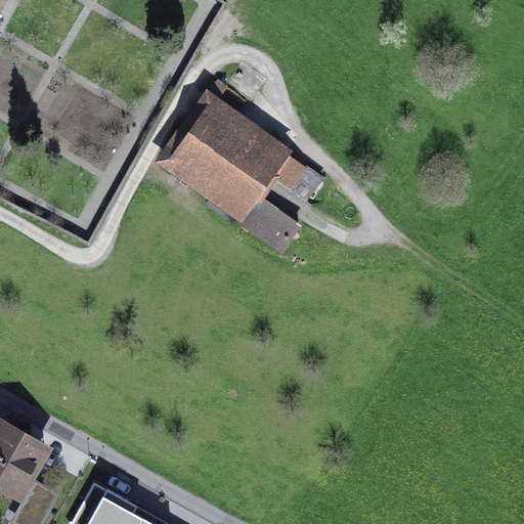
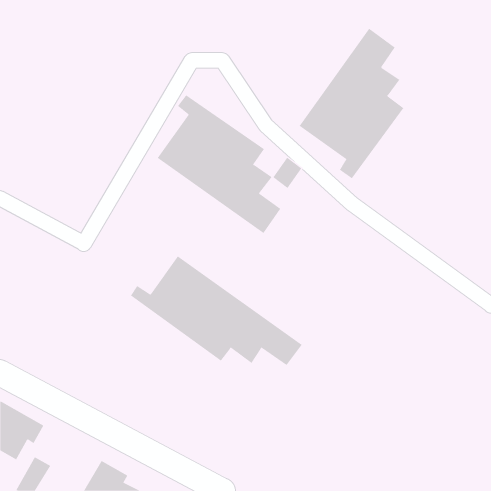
building: none -> [299,28,404,179]
building: none -> [130,256,302,366]

